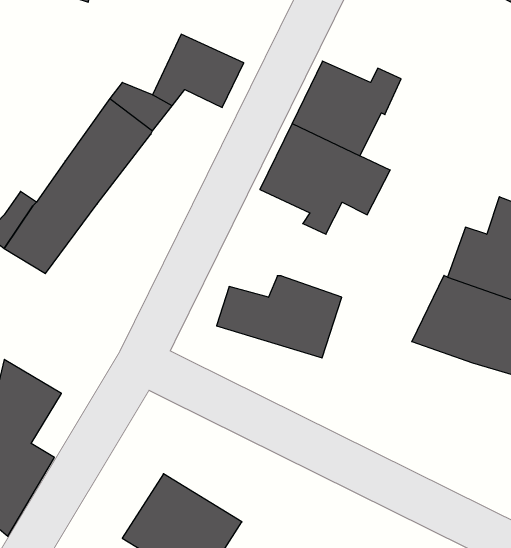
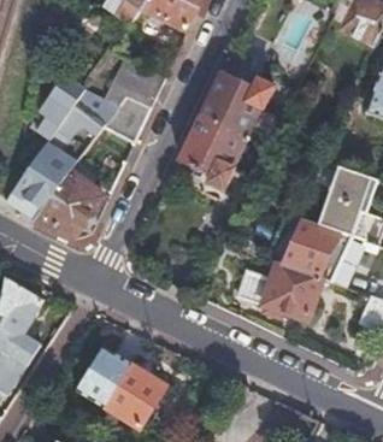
building: none -> [26,75,84,142]
building: none -> [104,94,152,141]
building: none -> [33,171,101,237]
building: [217,276,342,358] -> [236,264,320,319]

